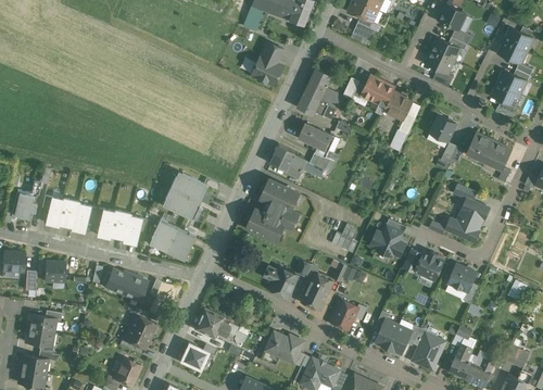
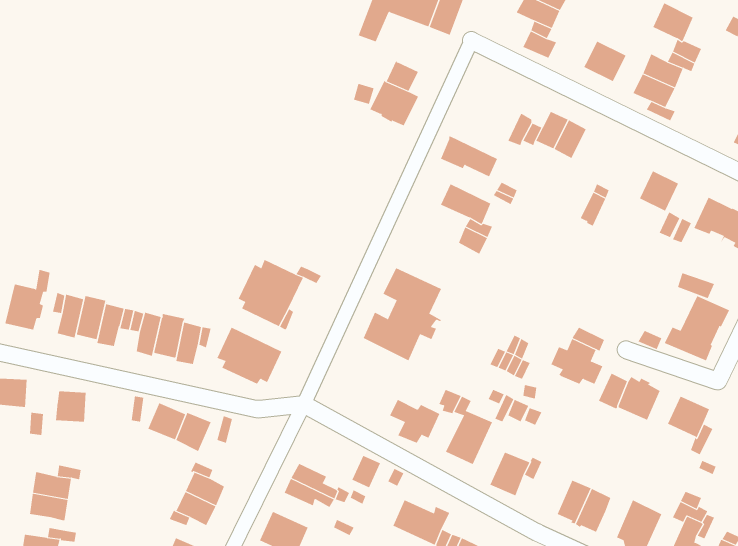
building: [304,68,343,109] -> none
building: [383,92,412,119] -> [584,41,626,82]
building: [270,146,306,177] -> none

